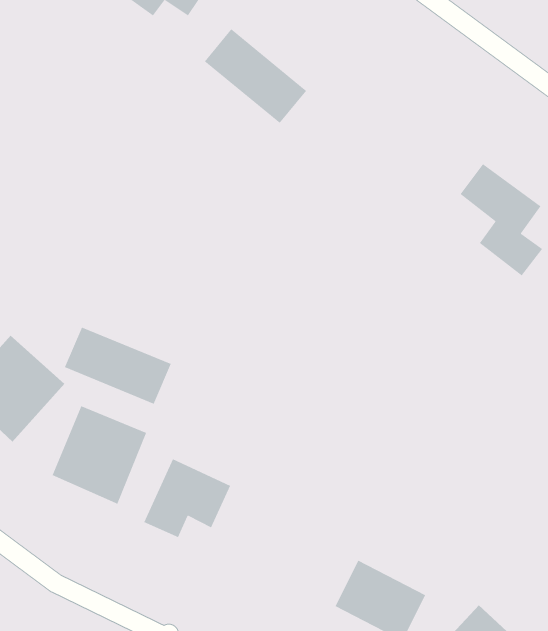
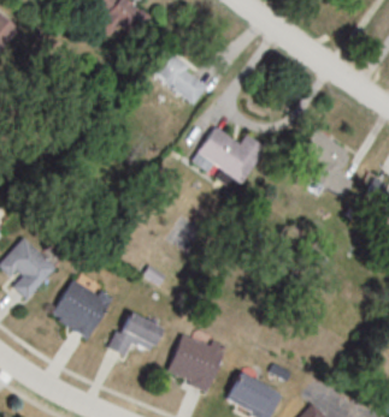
building: none -> [193,126,267,191]
building: [64,326,172,405] -> none
building: none -> [166,332,226,392]

